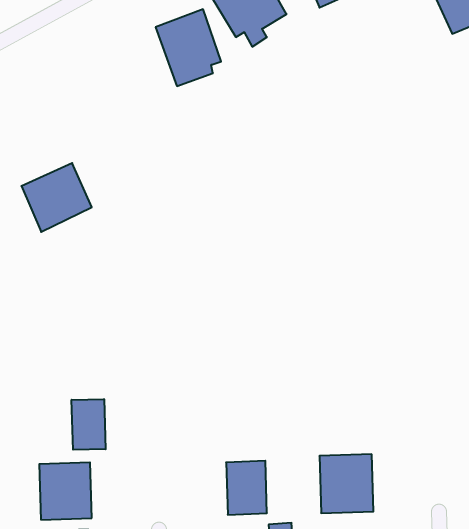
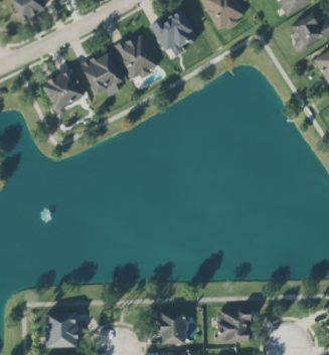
building: none -> [80,51,122,96]
building: [21,163,92,232] -> [42,68,86,111]
building: [72,399,106,450] -> none

